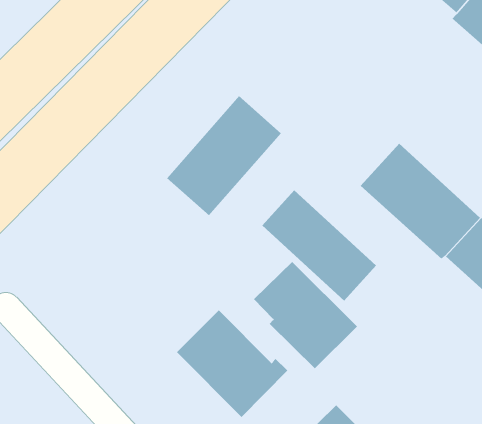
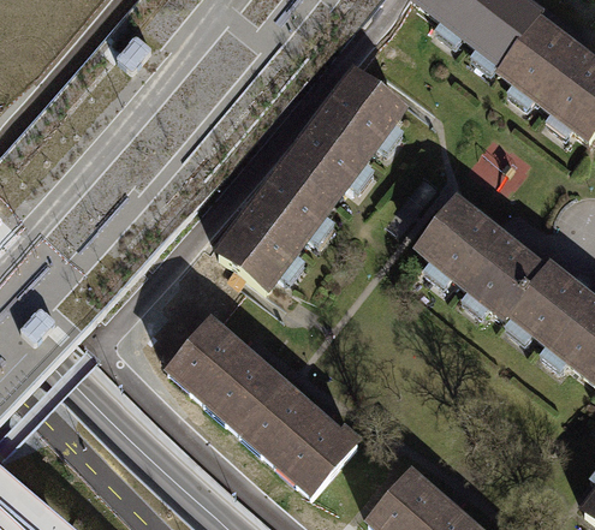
building: none -> [286,71,403,197]
building: [262,190,377,302] -> none
building: [253,261,358,369] -> [172,320,281,429]

